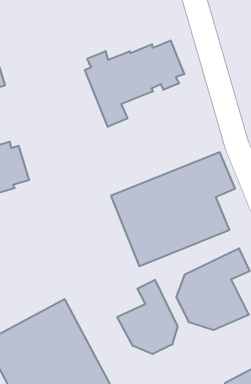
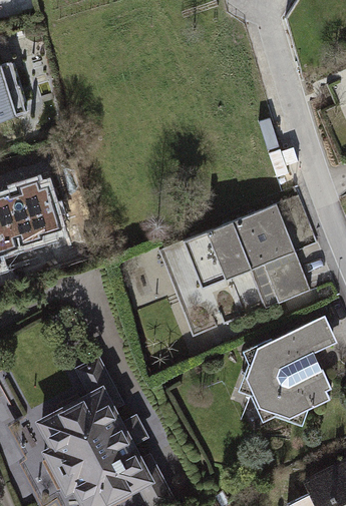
building: [85,40,184,127] -> none
building: [117,280,177,354] -> none

